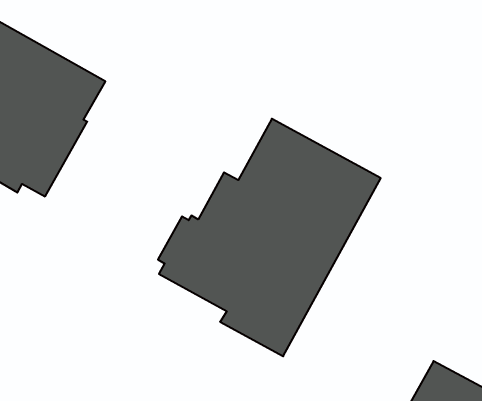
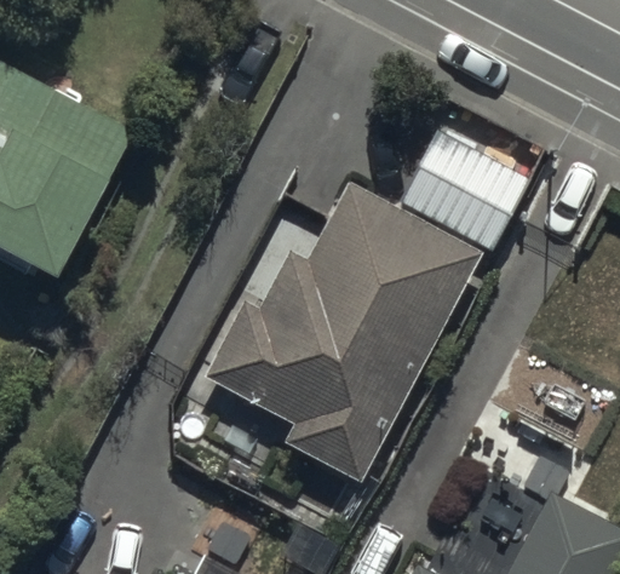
building: none -> [395,125,532,248]

